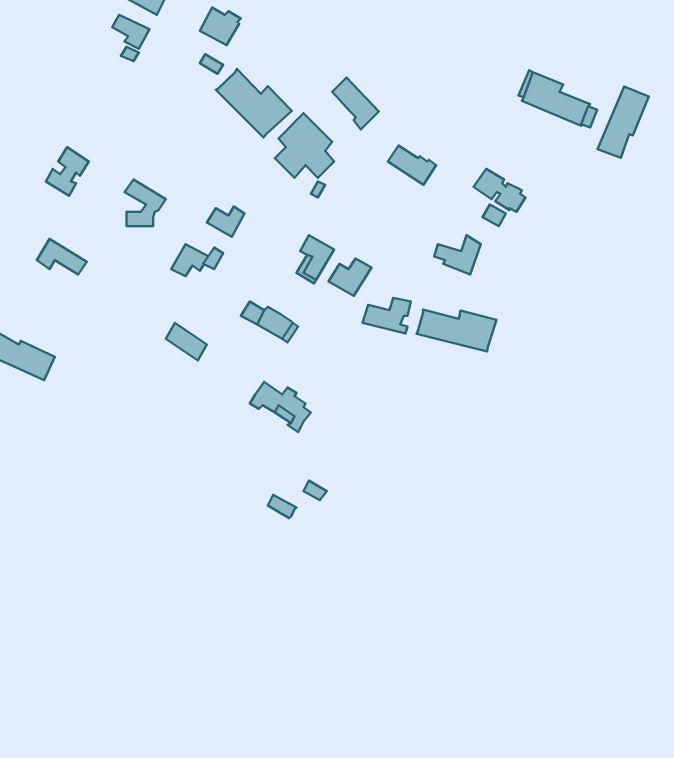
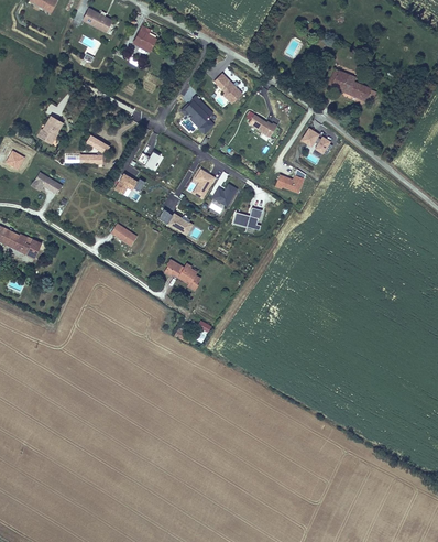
building: [216,69,292,137] -> none
building: [598,86,649,158] -> none
building: [416,309,497,351] -> none

